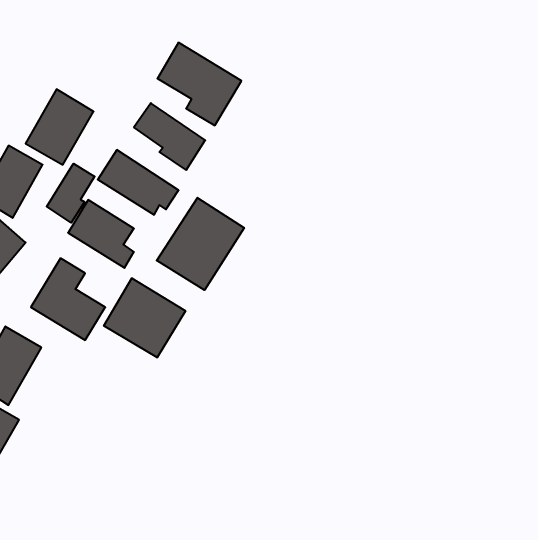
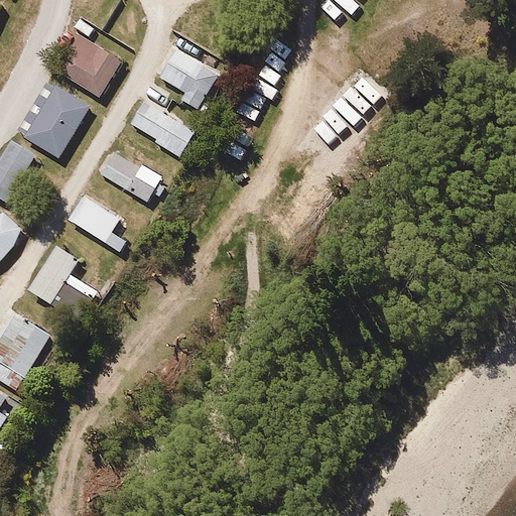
building: none -> [54,29,123,98]
building: [47,164,95,223] -> none
building: [157,198,244,290] -> none
building: [104,278,185,358] -> none

